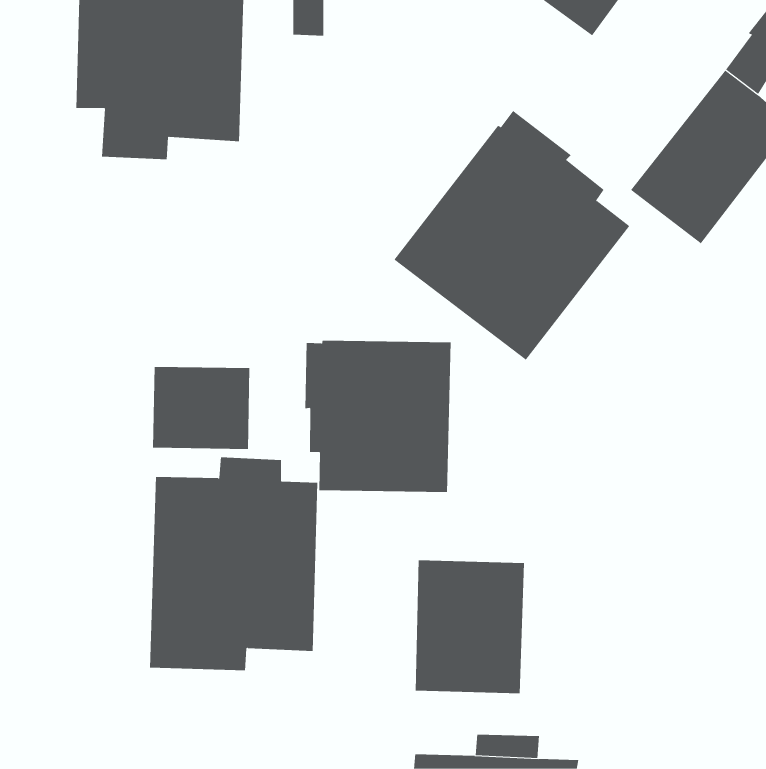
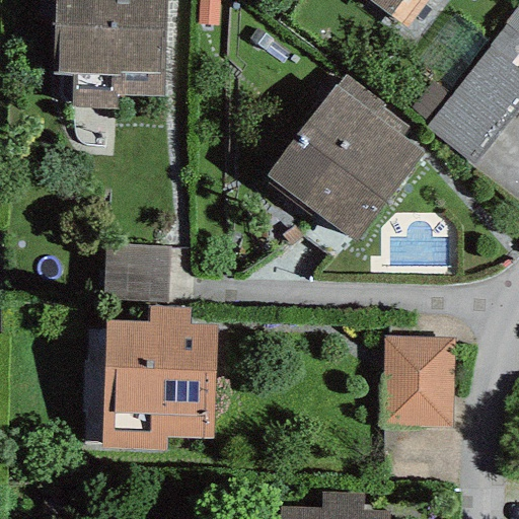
building: [305,340,451,493] -> none
building: [415,560,525,694] -> [382,336,456,426]

